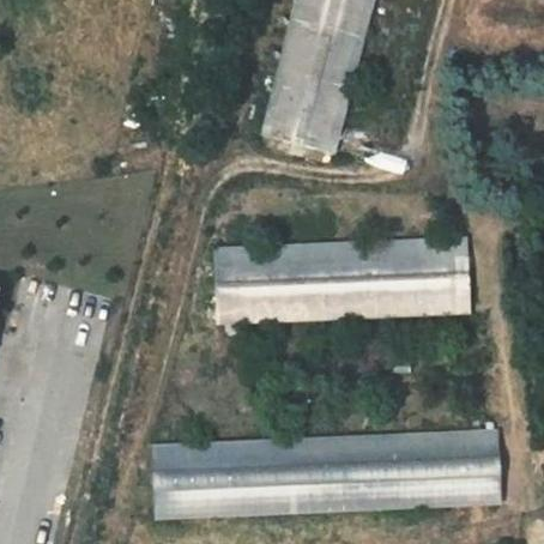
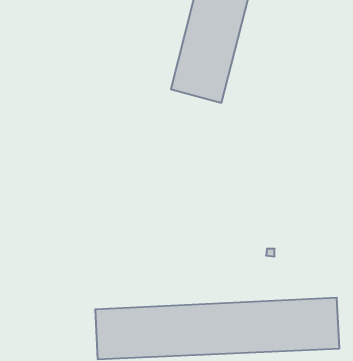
building: [214,236,470,322] -> none

